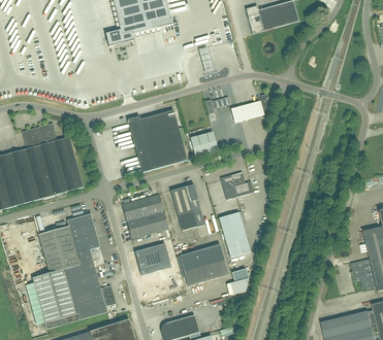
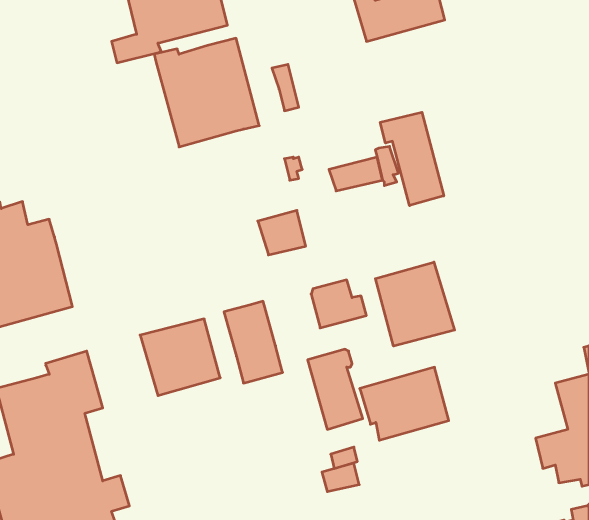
building: none -> [380,112,444,206]
building: [125,109,186,172] -> [154,38,259,147]
building: none -> [375,262,455,346]
building: [133,242,170,274] -> none
building: [175,243,227,285] -> [360,367,449,440]

